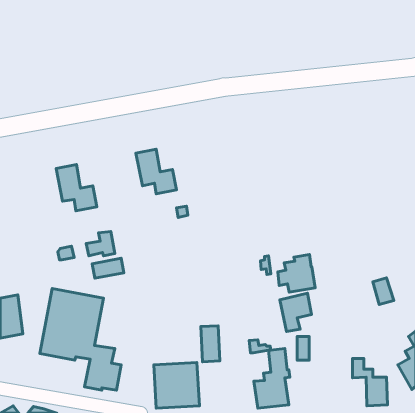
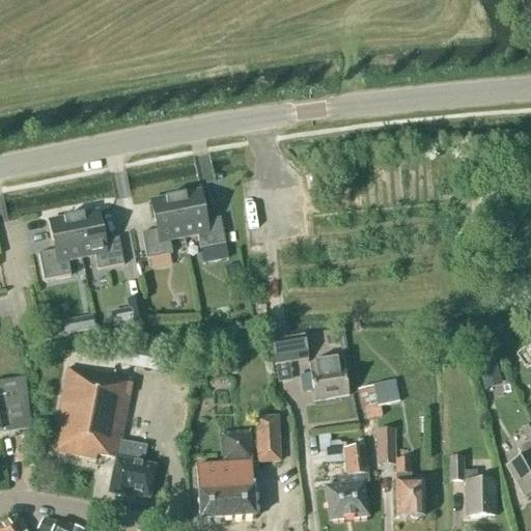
building: none -> [142,195,183,257]
building: none -> [39,215,81,279]
building: [278,255,315,292] -> [301,352,348,399]
building: [92,258,124,278] -> none
building: none -> [272,334,308,363]
building: none -> [220,428,253,459]
building: none -> [396,447,424,518]

